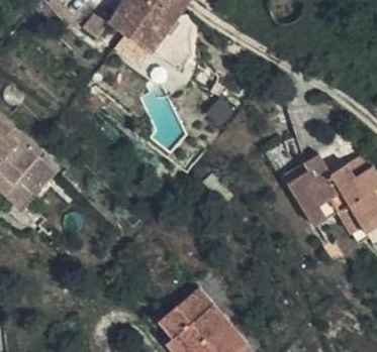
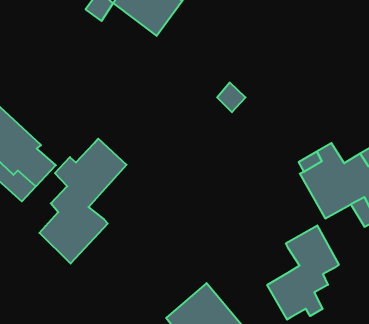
building: none -> [39,139,127,264]
building: none -> [267,225,339,320]

